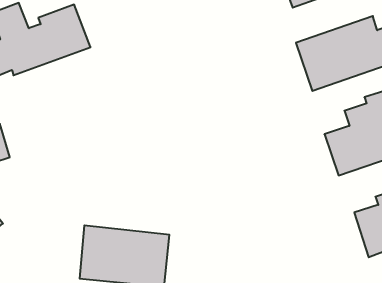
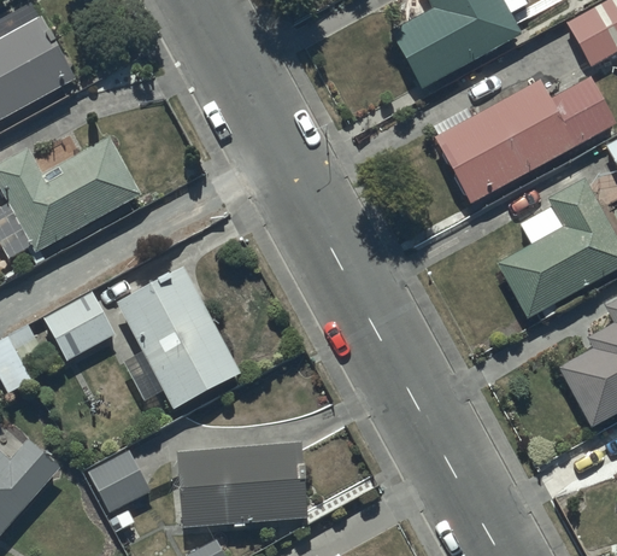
building: none -> [118,268,237,406]
building: none -> [45,293,114,359]
building: none -> [86,450,152,515]

